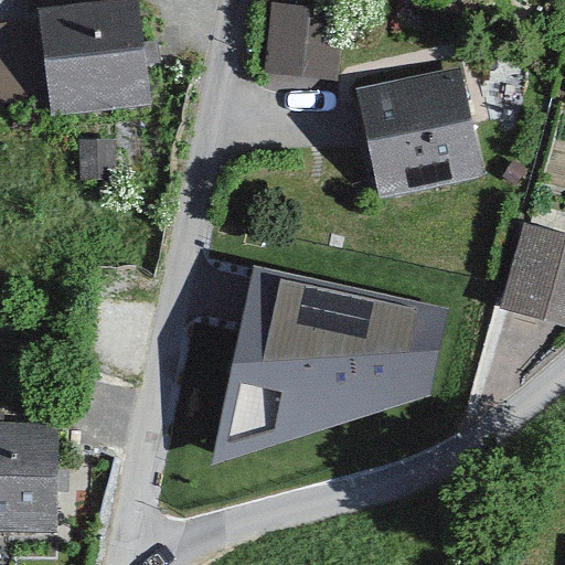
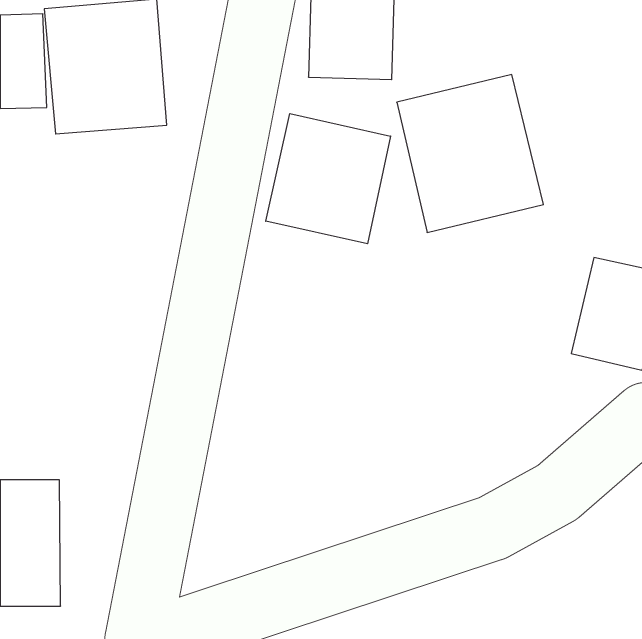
building: none -> [266,114,391,244]
building: [227,274,439,443] -> none

